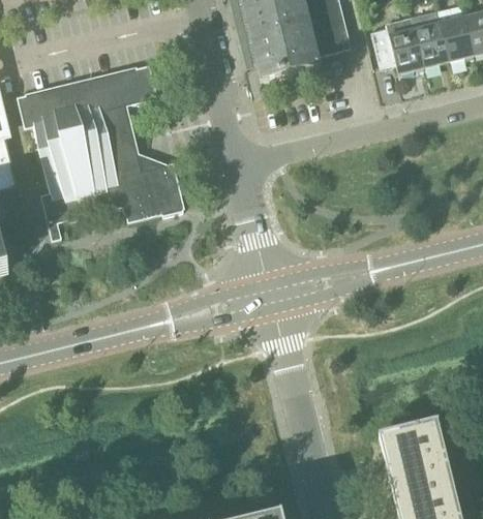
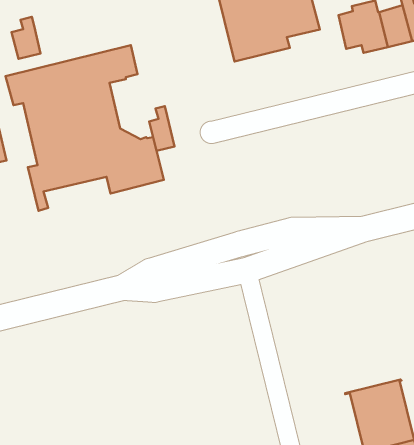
building: none -> [12,17,41,59]
building: none -> [149,106,175,151]

